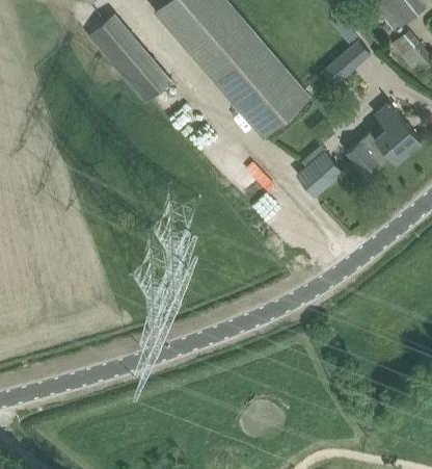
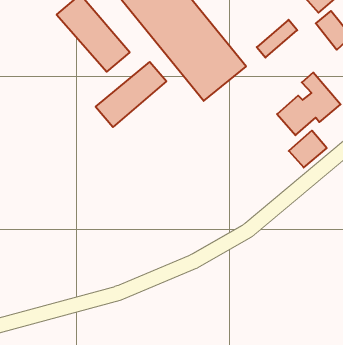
building: none -> [96,62,166,127]
building: [296,152,341,196] -> [289,131,327,168]

